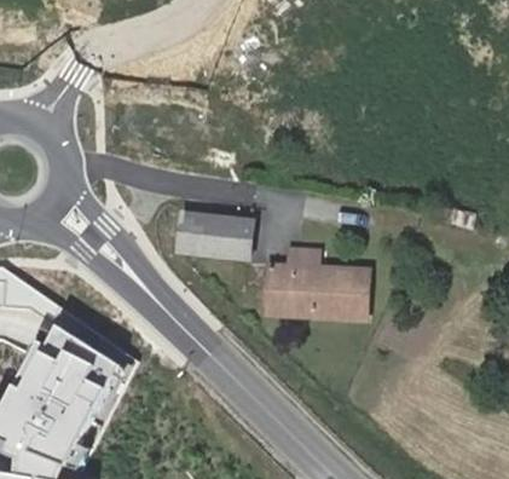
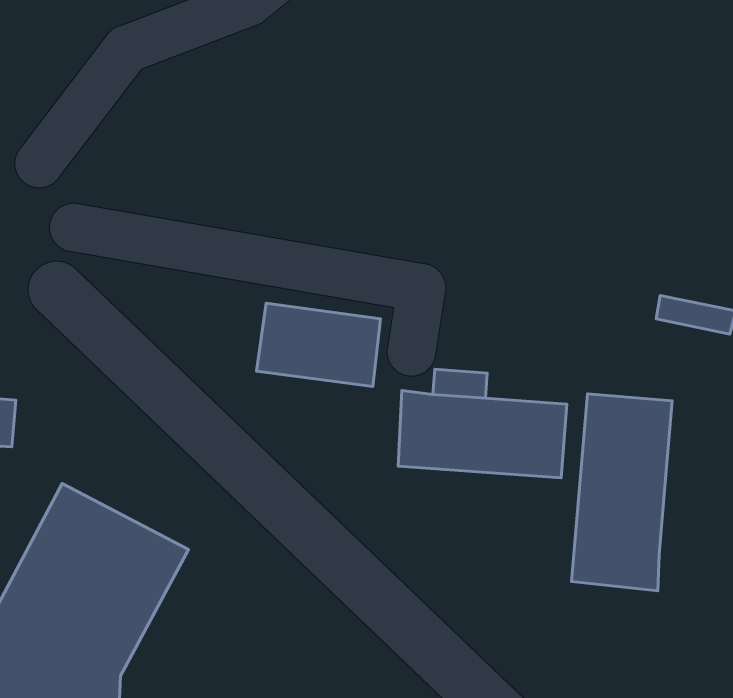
building: none -> [571,394,672,591]

